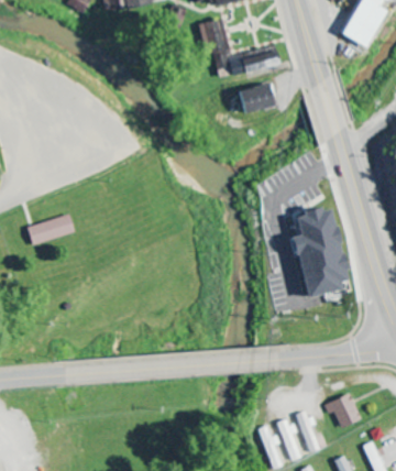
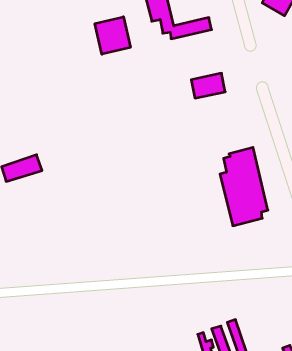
building: none -> [95,17,130,54]
building: [235,83,276,112] -> [191,73,225,98]
building: [326,393,362,427] -> none

